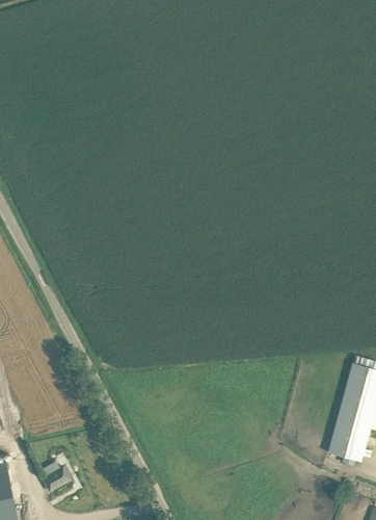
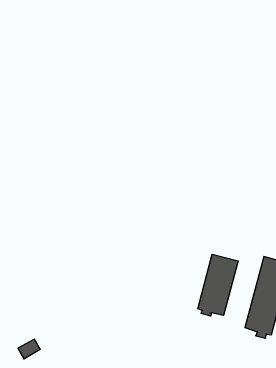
building: none -> [198,254,238,316]

